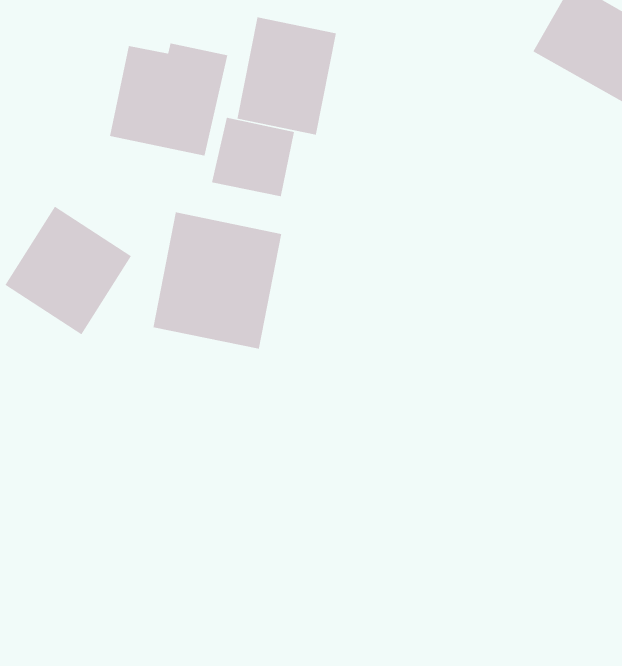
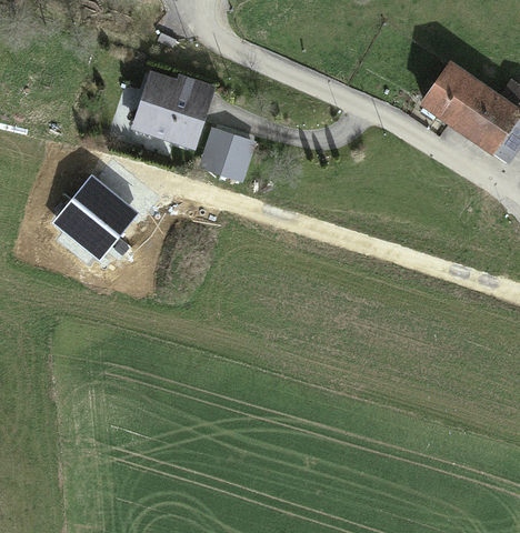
building: [237,16,336,135] -> none
building: [153,212,282,350] -> none

